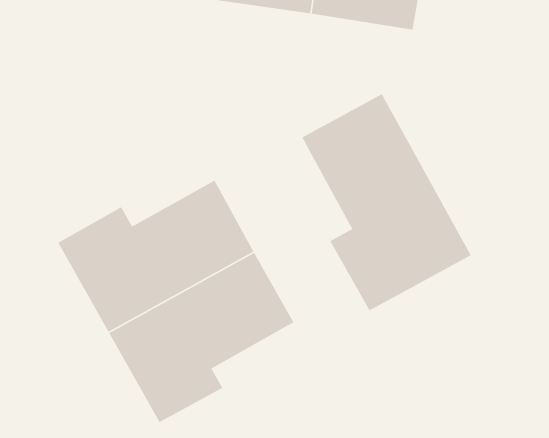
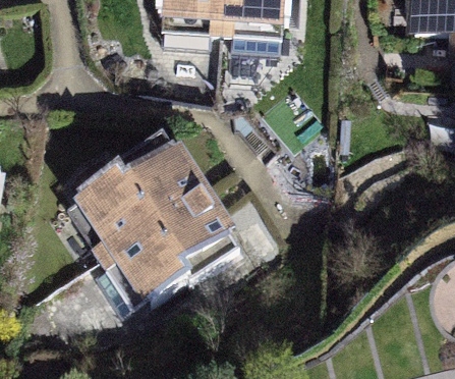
building: [301,93,472,311] -> none

